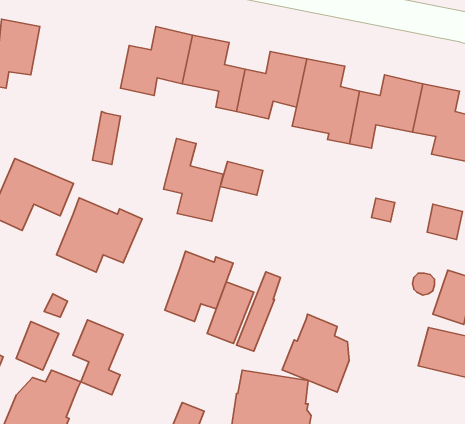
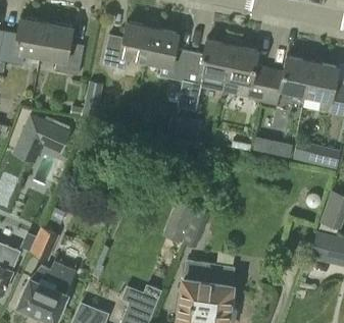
building: none -> [40,22,83,75]
building: [163,138,223,221] -> none
building: [56,198,142,272] -> none
building: [165,251,233,322] -> none
building: [282,314,349,392] -> none
building: [73,320,123,395] -> none

